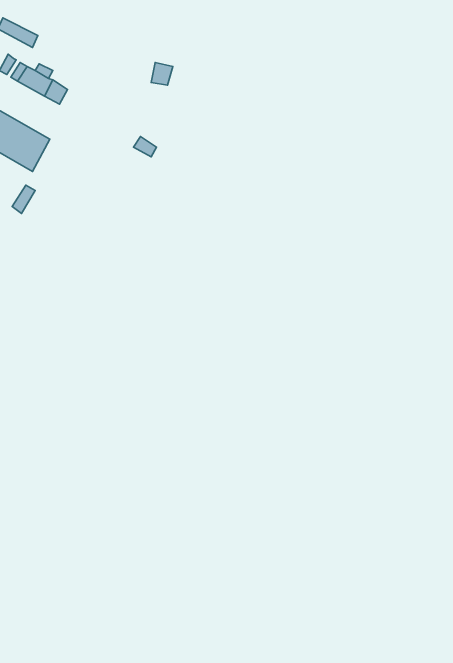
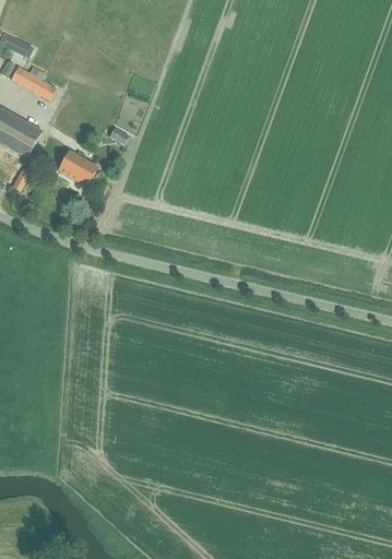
building: none -> [58,150,97,185]

